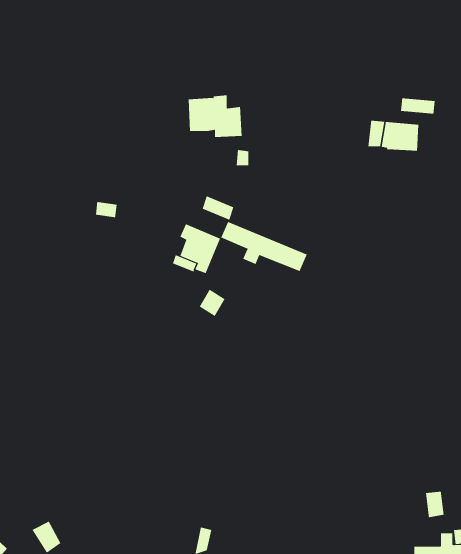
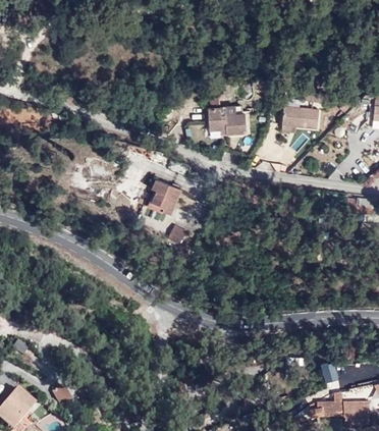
building: [188,95,242,138] -> [208,105,246,134]
building: [220,221,308,272] -> none

